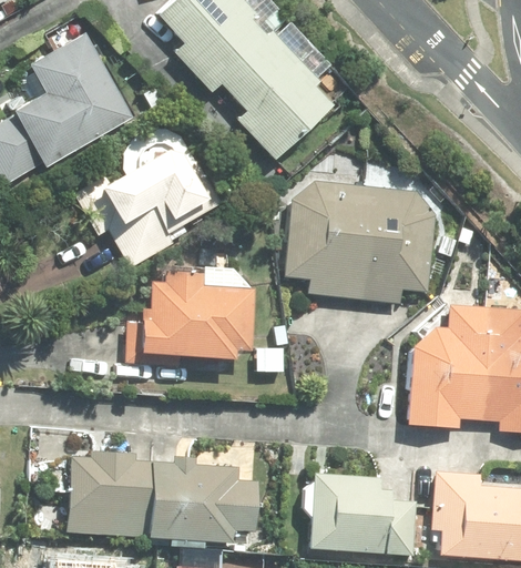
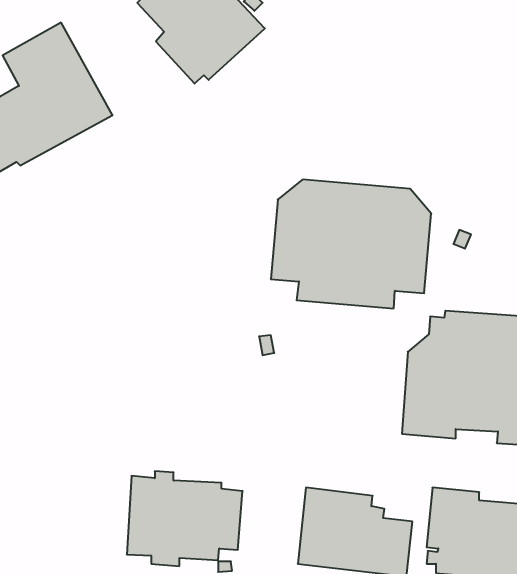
building: [225,38,334,155] -> none
building: [74,130,219,268] -> none
building: [124,270,252,366] -> none
building: [65,453,152,537] -> none

